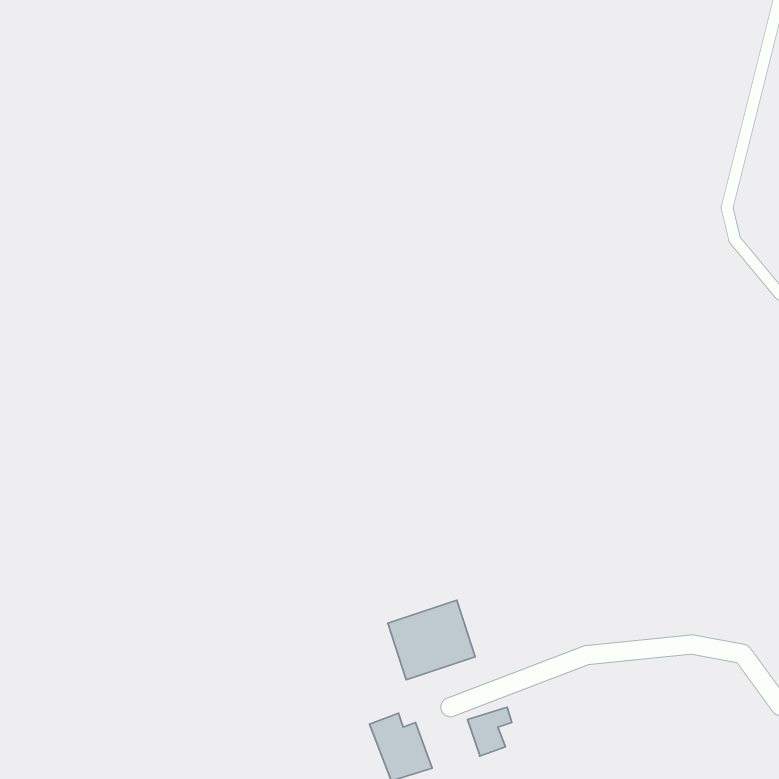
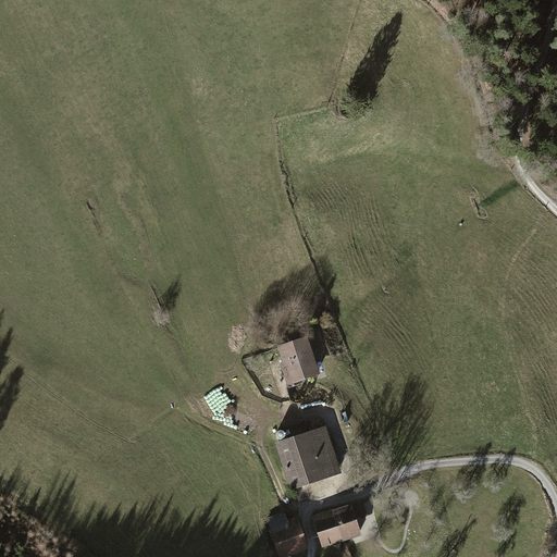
building: none -> [281,341,319,383]
building: none -> [315,513,343,545]

